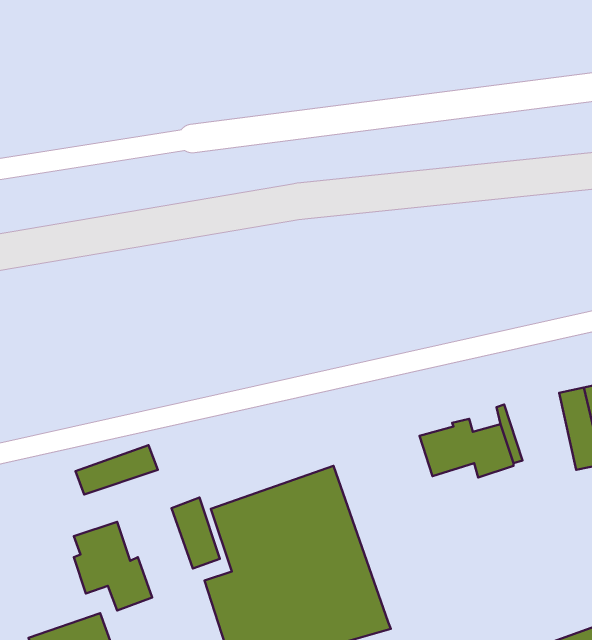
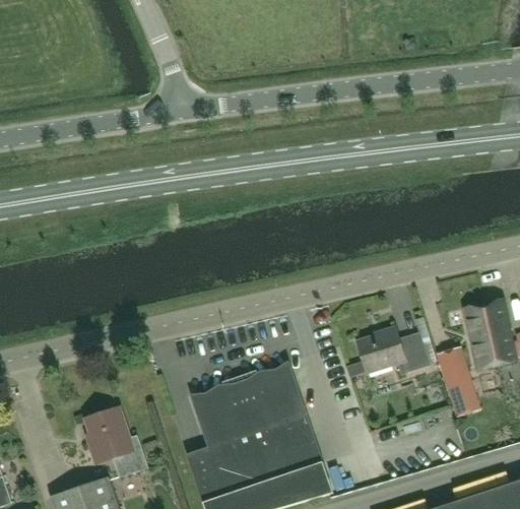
building: none -> [437,345,479,415]
building: [76,445,158,495] -> none
building: [172,498,220,569] -> none

